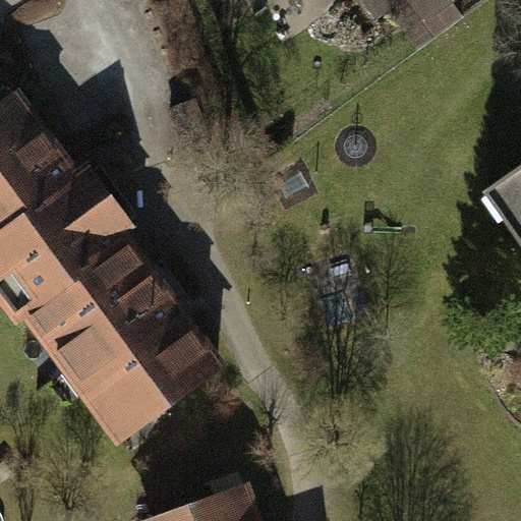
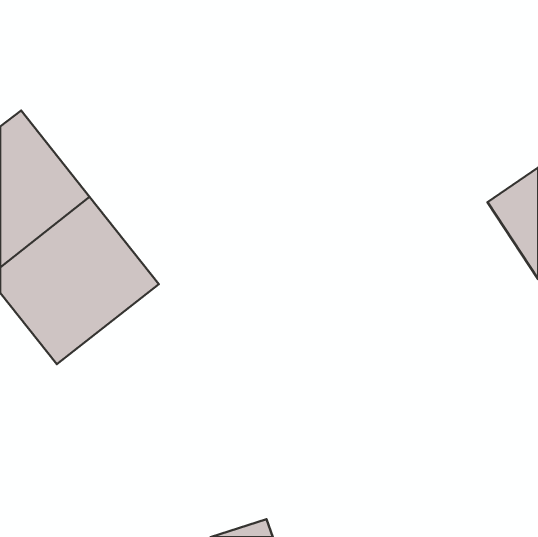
building: [55,275,220,437] -> none

